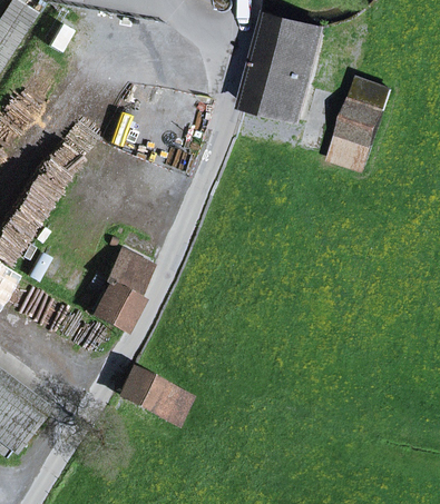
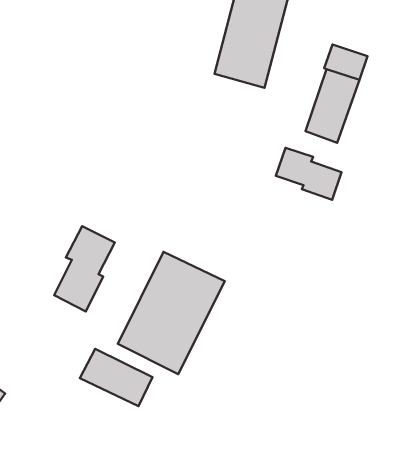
building: none -> [276,148,341,200]
building: none -> [118,252,225,374]

